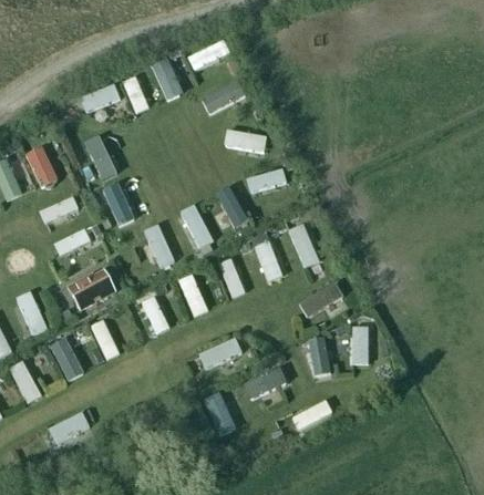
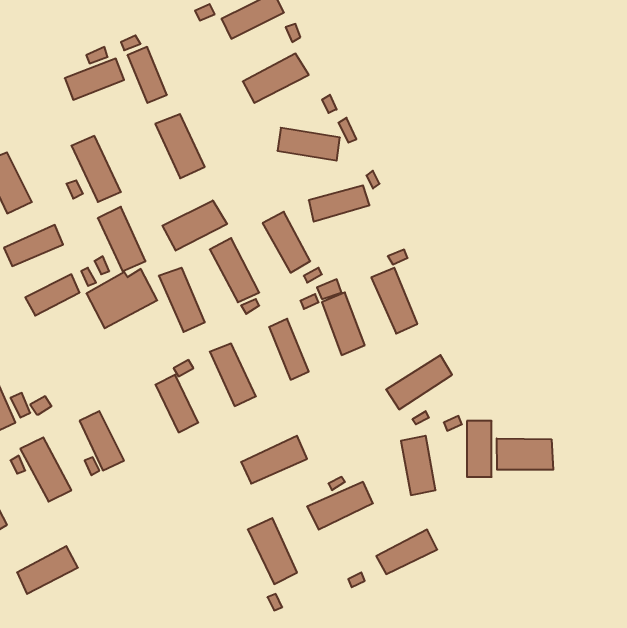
building: [148,58,182,101] -> [155,114,205,178]
building: none -> [162,200,227,251]
building: [68,270,115,310] -> [86,269,157,328]
building: none -> [497,438,553,470]

